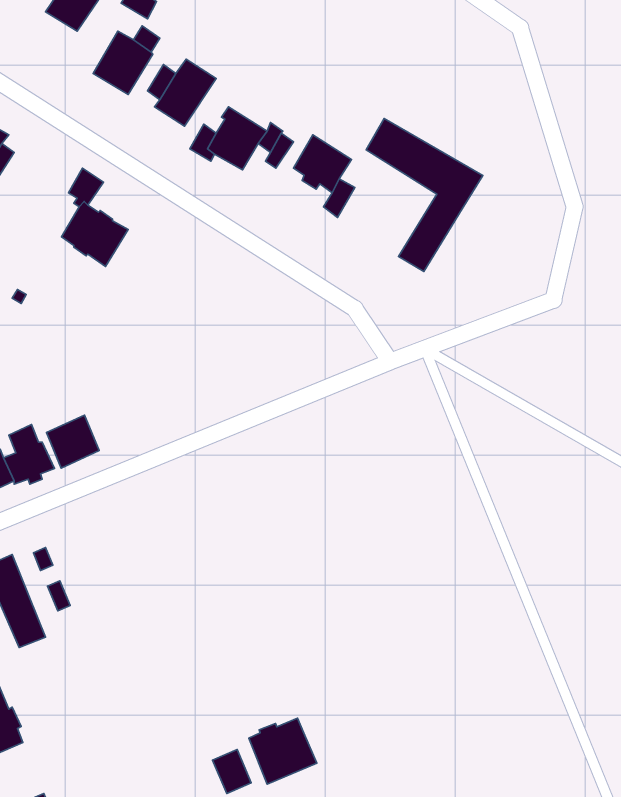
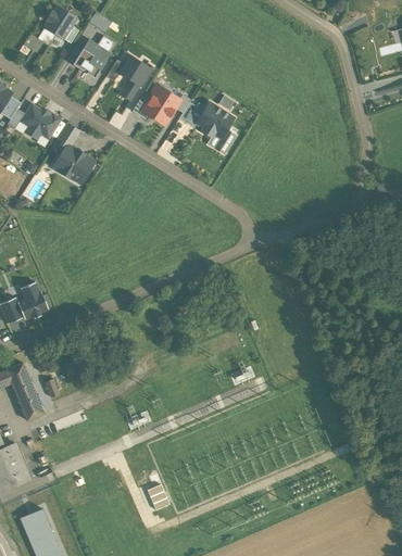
building: [366,119,483,272] -> none
building: none -> [22,104,60,138]
building: [46,415,99,468] -> none
building: [249,718,317,784] -> none

